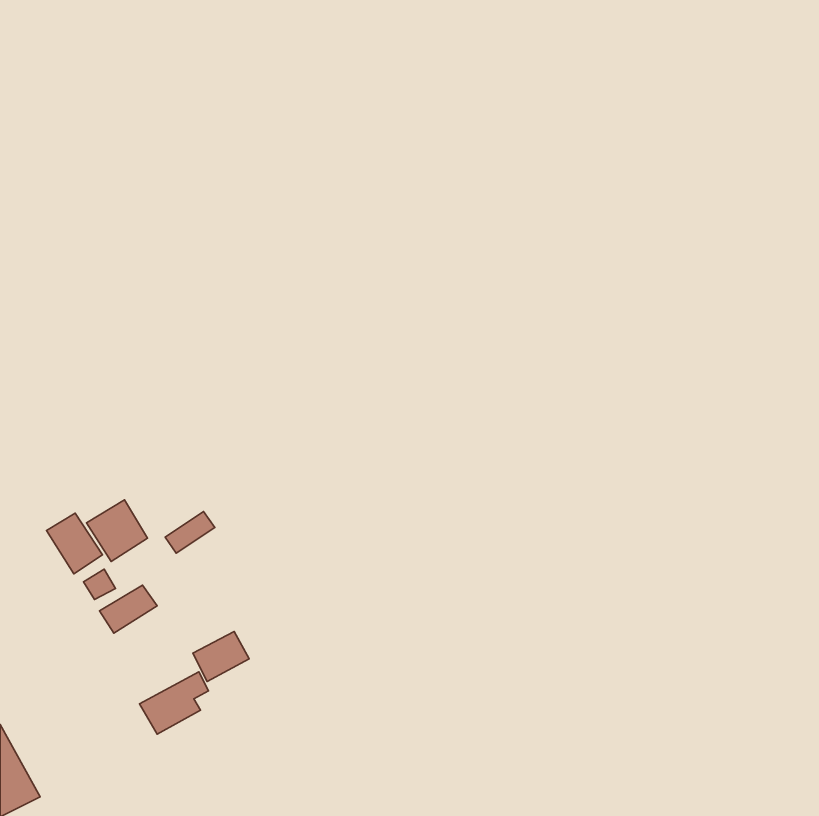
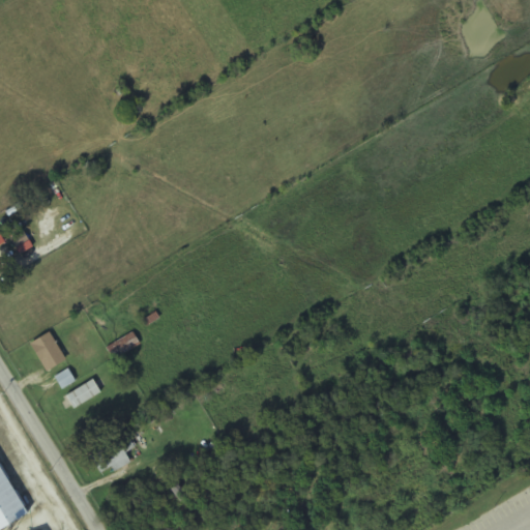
building: [87,500,147,562] -> none
building: [193,632,249,682] -> none

